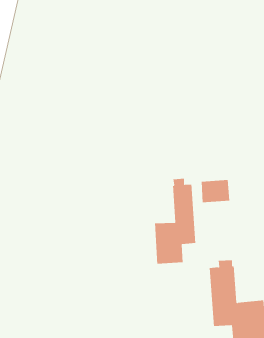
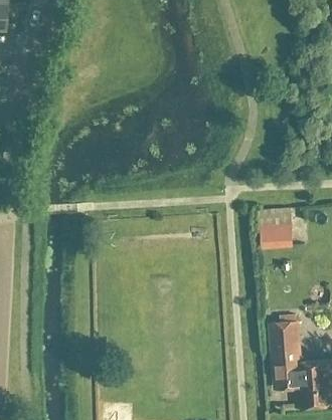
building: [154,178,196,265] -> none

